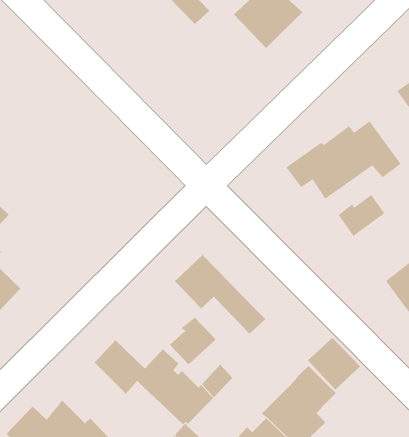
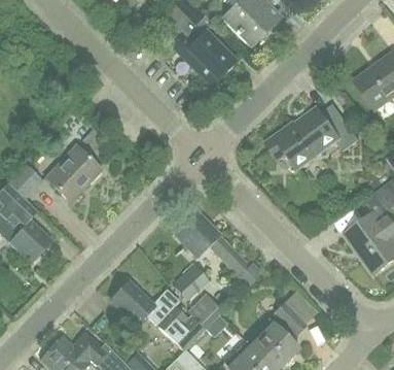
building: none -> [171,26,235,86]
building: none -> [45,146,101,202]
building: [338,194,385,237] -> none

